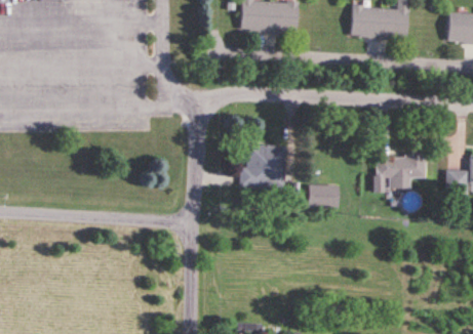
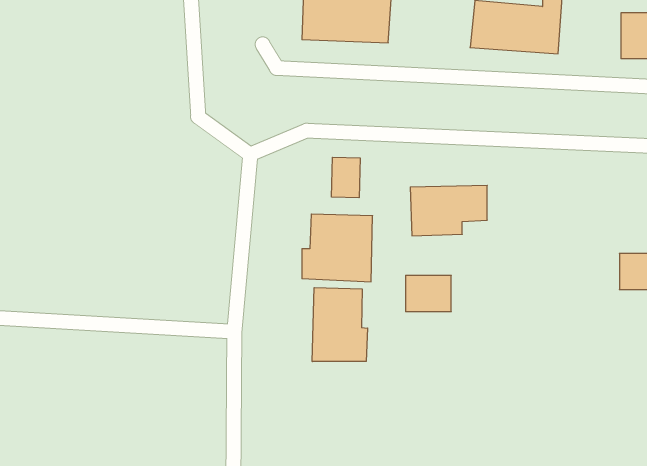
building: none -> [332,157,360,198]
building: [376,156,426,189] -> [410,185,487,236]
building: none -> [312,288,368,362]

